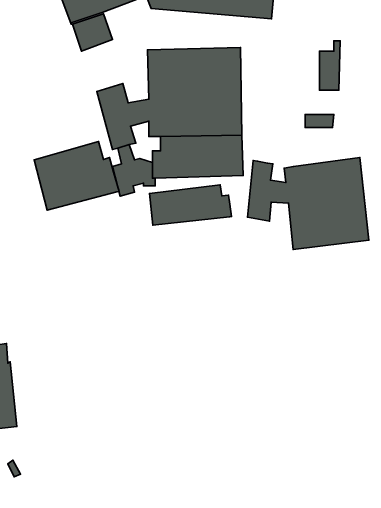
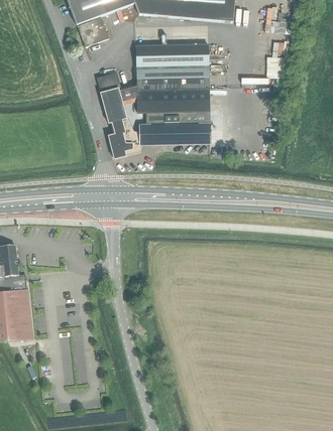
building: [34,142,119,210] -> none
building: [248,157,369,249] -> none
building: [150,185,232,225] -> none

